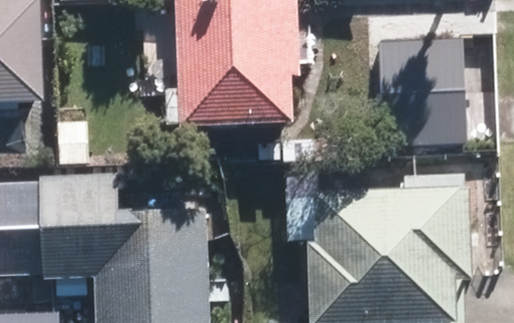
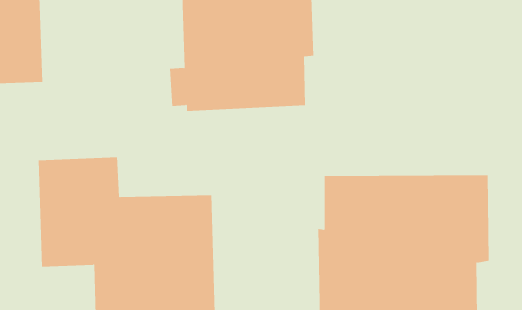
building: [375,39,466,146] -> none

